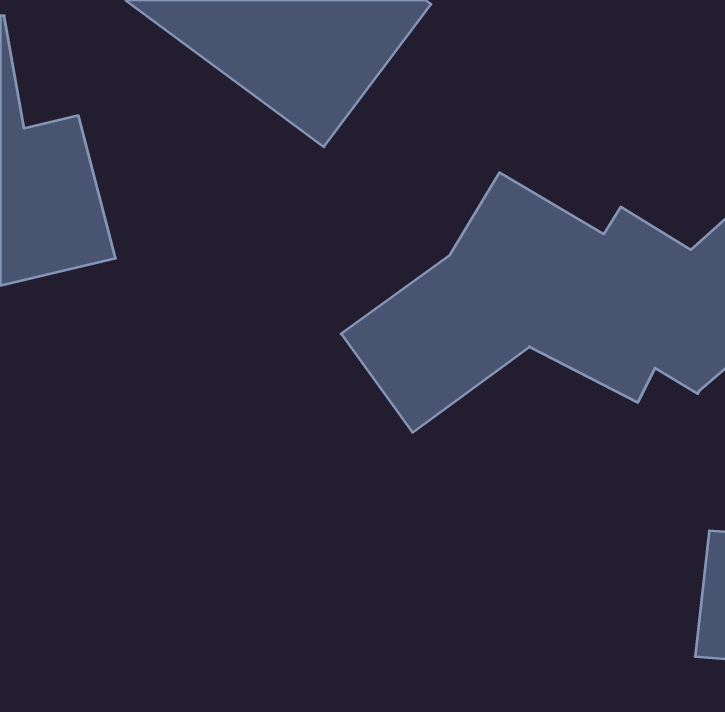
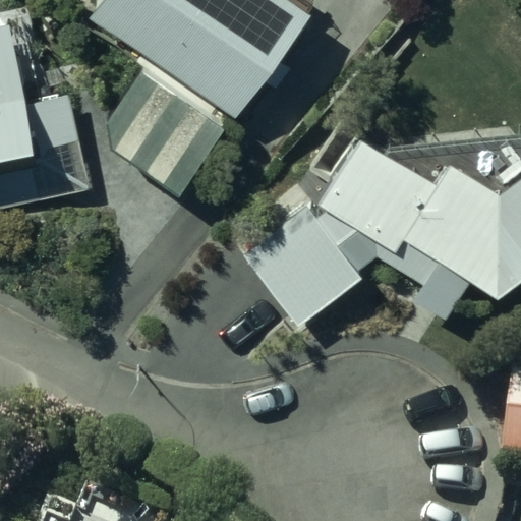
building: none -> [93,63,226,189]

